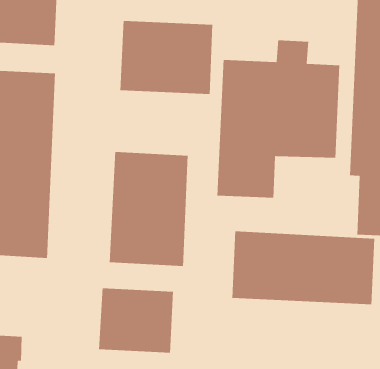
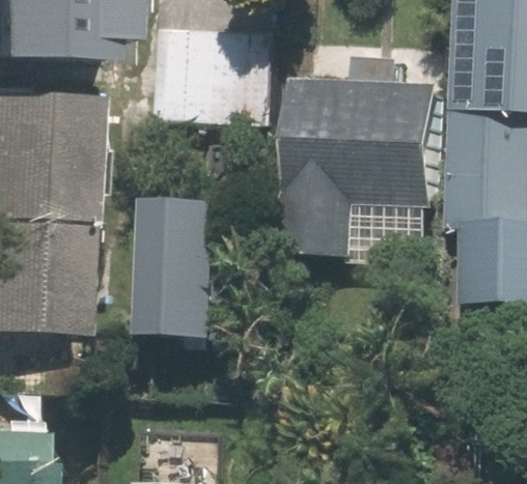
building: [231,231,375,305] -> none
building: [98,287,174,353] -> none

